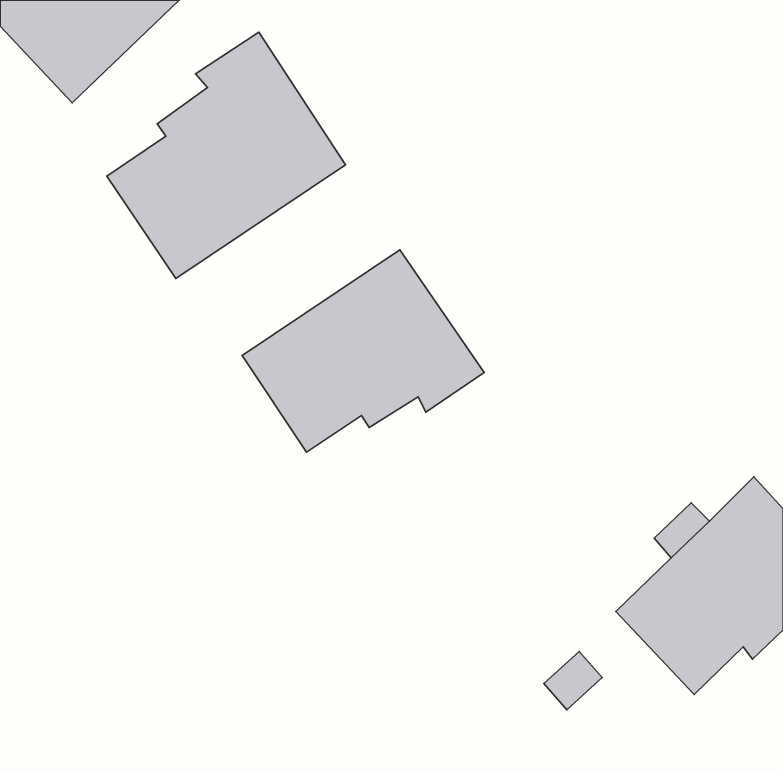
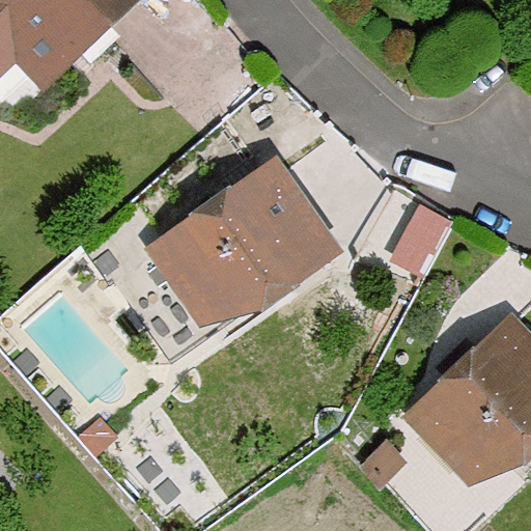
building: [107,32,346,279] -> none

